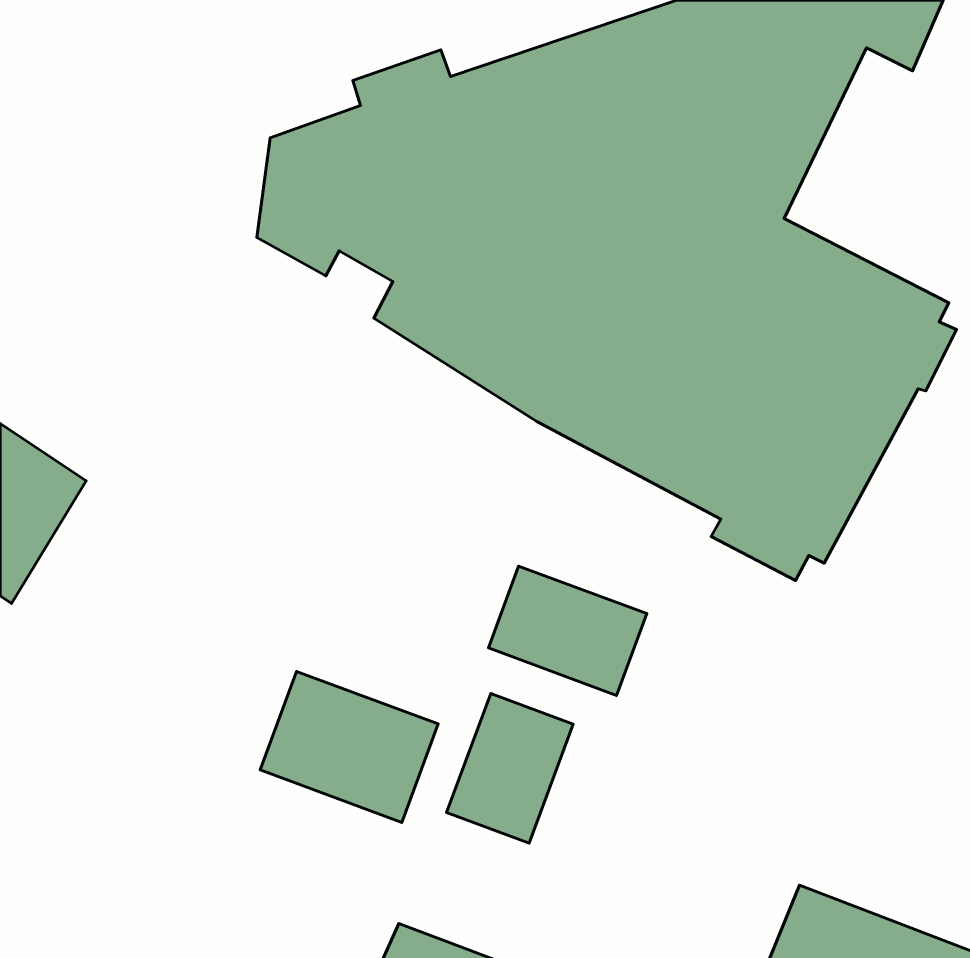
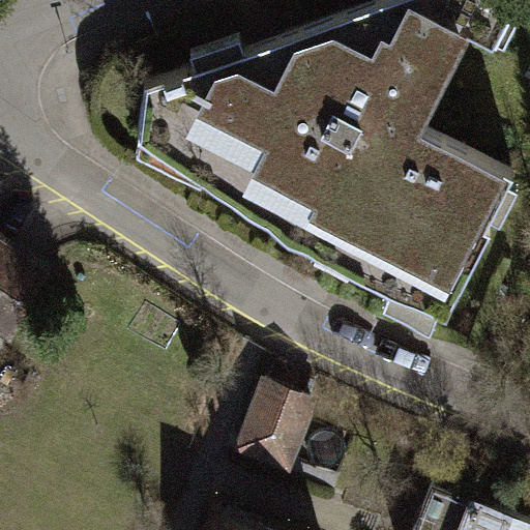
building: [488,566,647,695] -> none
building: [260,671,438,822] -> none

